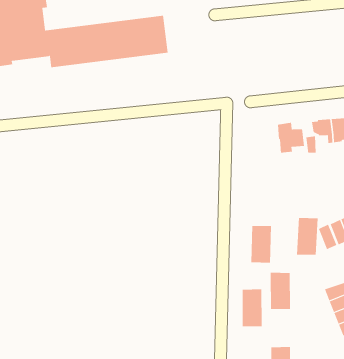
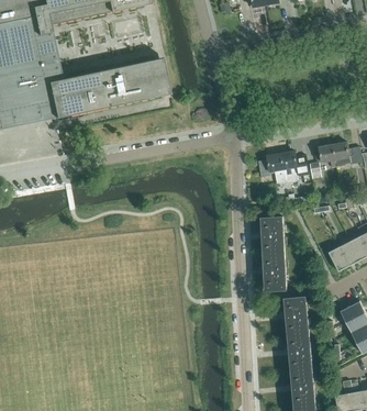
building: none -> [258,154,286,184]
building: [296,218,319,255] -> [263,216,283,254]
building: [242,289,262,327] -> [289,332,312,370]

